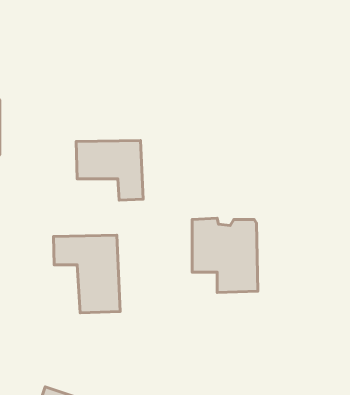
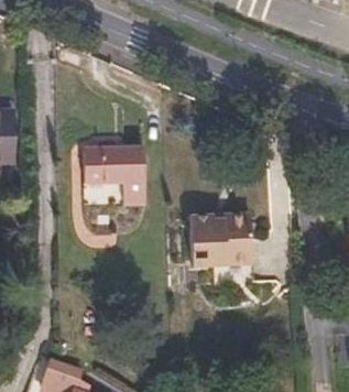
building: [54,235,120,313] -> none

